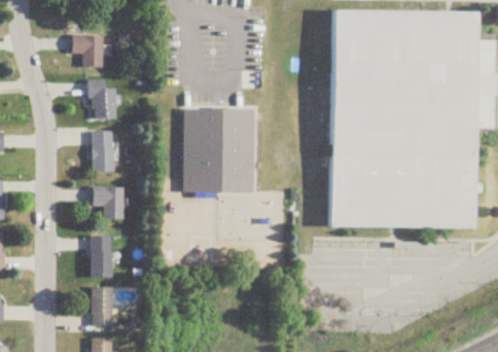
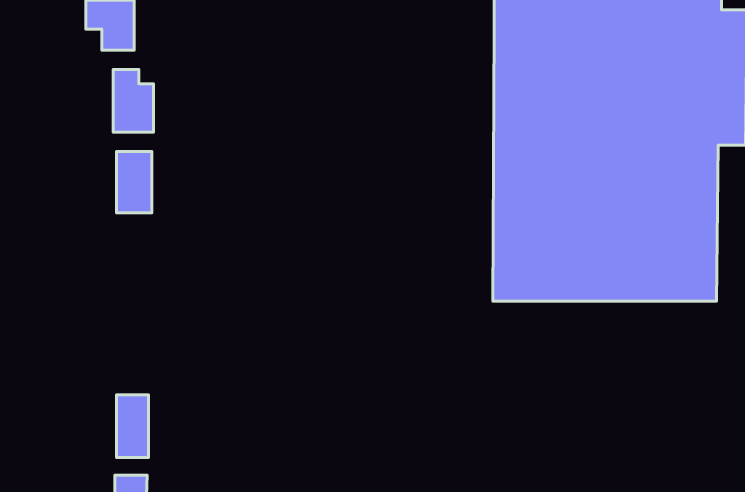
building: [182,108,254,190] -> none
building: [93,186,123,219] -> none
building: [91,235,112,277] -> none

